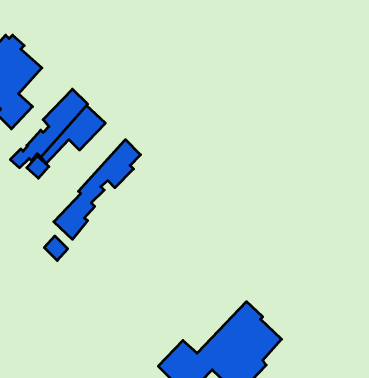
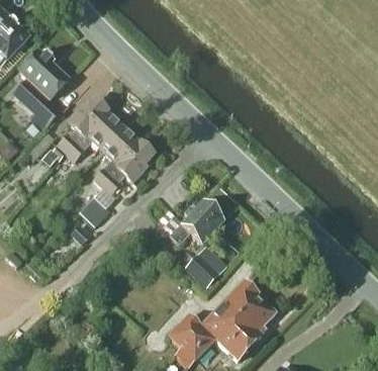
building: none -> [93,126,139,185]
building: none -> [171,199,224,244]
building: none -> [186,245,227,287]

